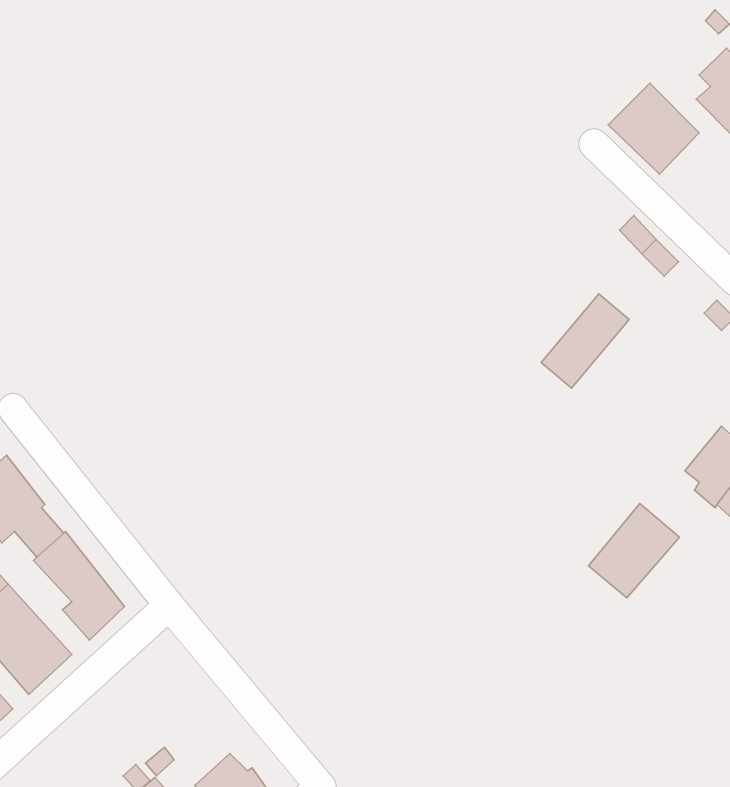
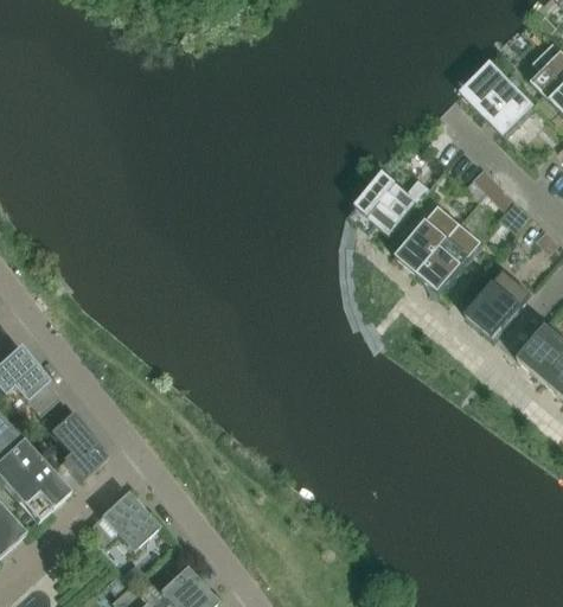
building: none -> [356,171,429,234]
building: none -> [395,206,459,275]
building: [589,504,680,598] -> [465,269,532,339]
building: none -> [100,491,158,550]

